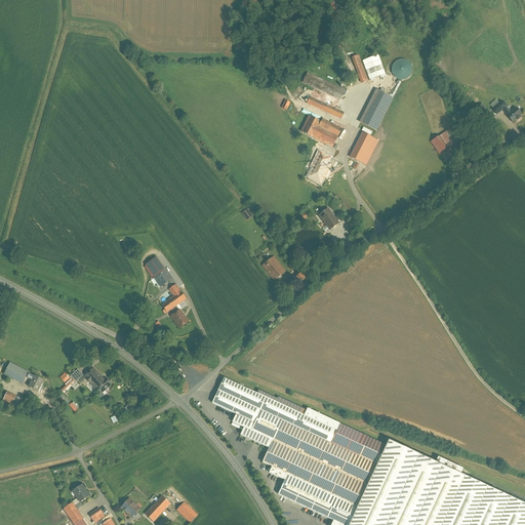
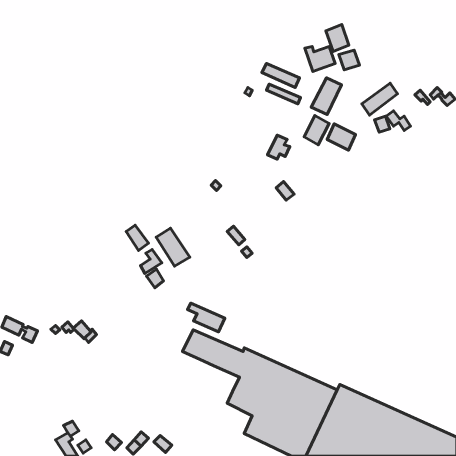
building: none -> [326,25,349,51]
building: none -> [362,83,398,115]
building: [300,115,341,149] -> none
building: none -> [327,124,356,150]
building: none -> [156,228,190,266]
building: [232,415,275,448] -> [187,303,225,332]

